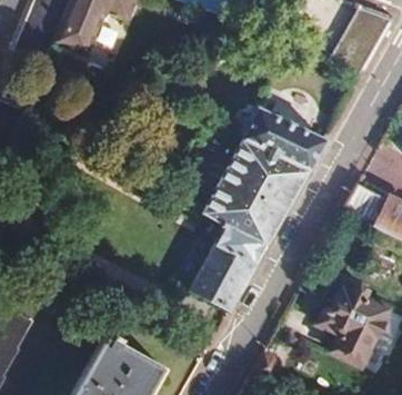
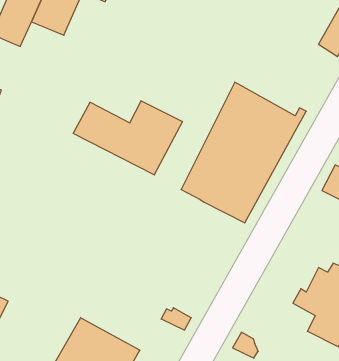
building: none -> [73,101,182,175]
building: [191,221,269,309] -> none

